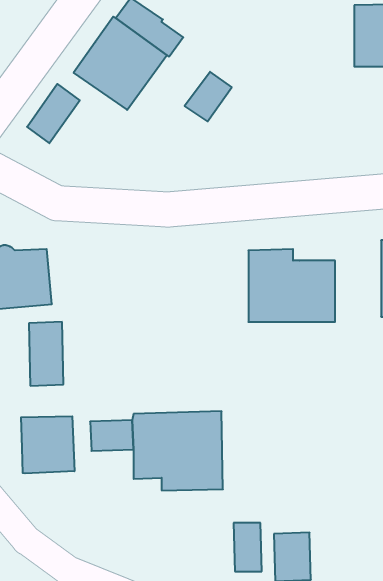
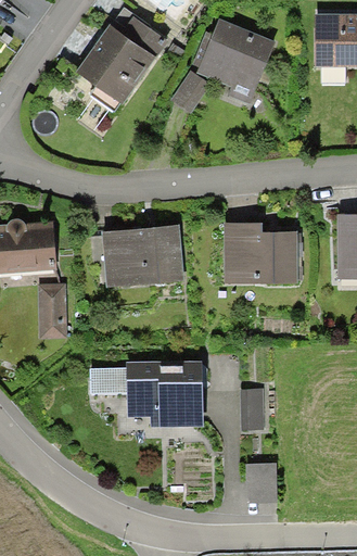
building: none -> [193,17,276,103]
building: [27,84,80,143] -> none
building: none -> [102,224,184,287]
building: [21,416,74,473] -> none
building: [234,523,262,571] -> [241,389,265,430]

